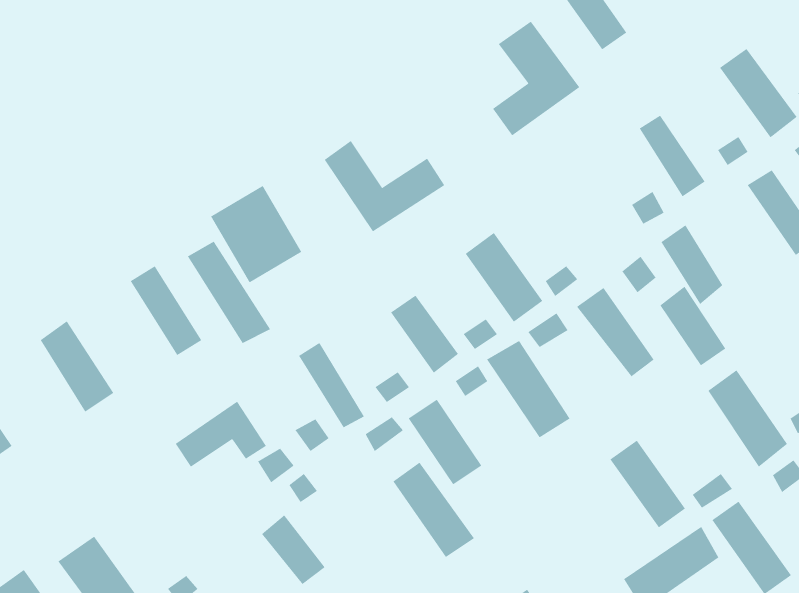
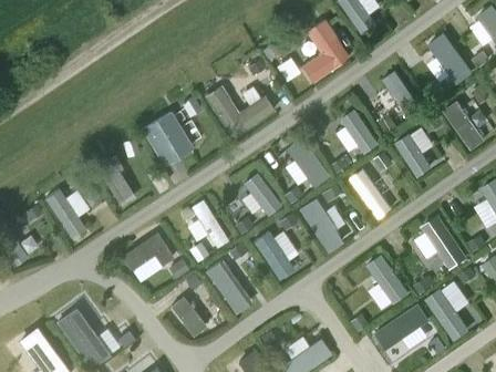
building: [187,241,271,344] -> none
building: [659,286,726,366] -> [341,108,379,154]
building: [392,462,475,558] -> [205,260,251,314]

